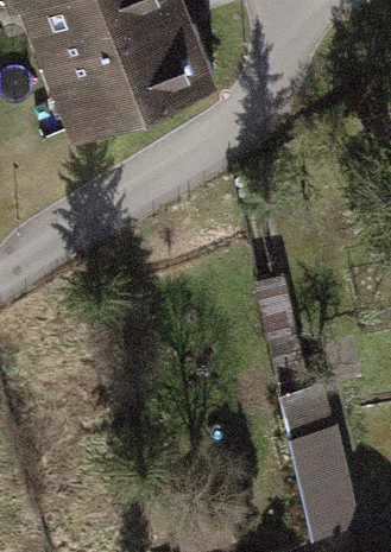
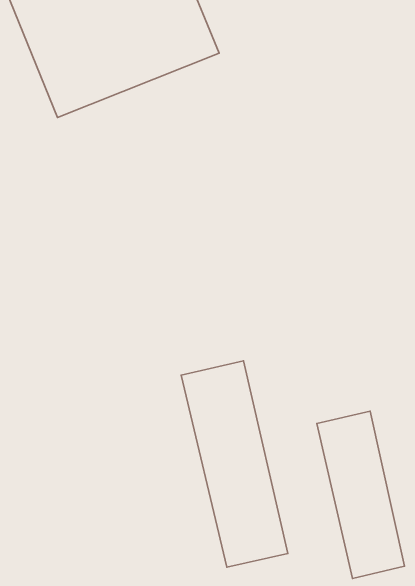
building: none -> [181,361,288,567]

